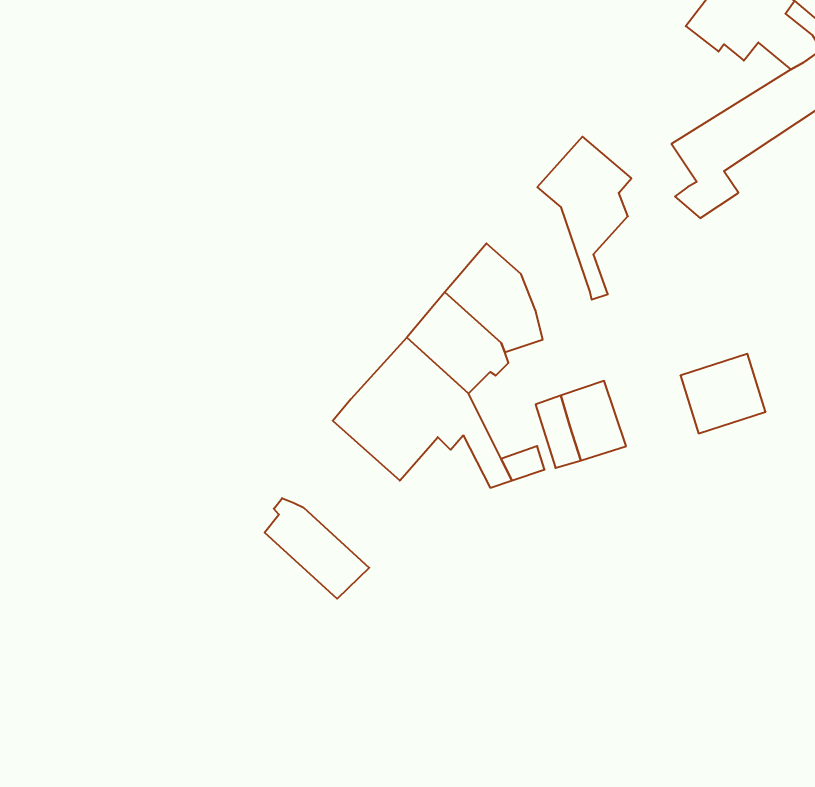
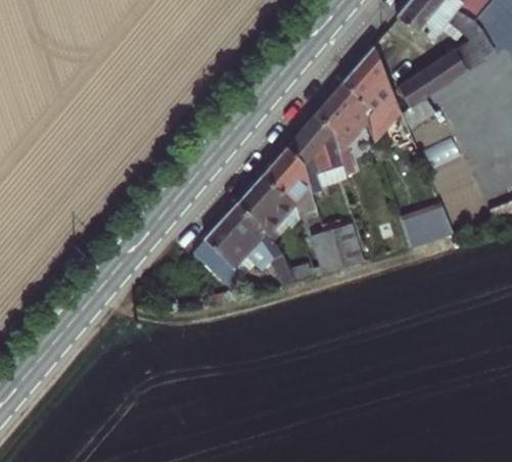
building: none -> [341,48,401,141]
building: none -> [287,111,345,181]
building: [265,498,369,599] -> none

